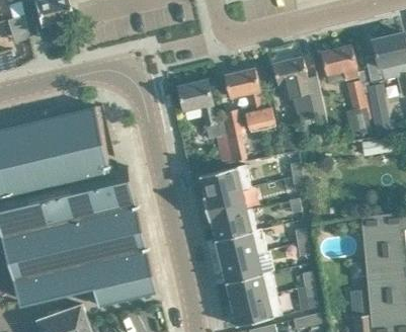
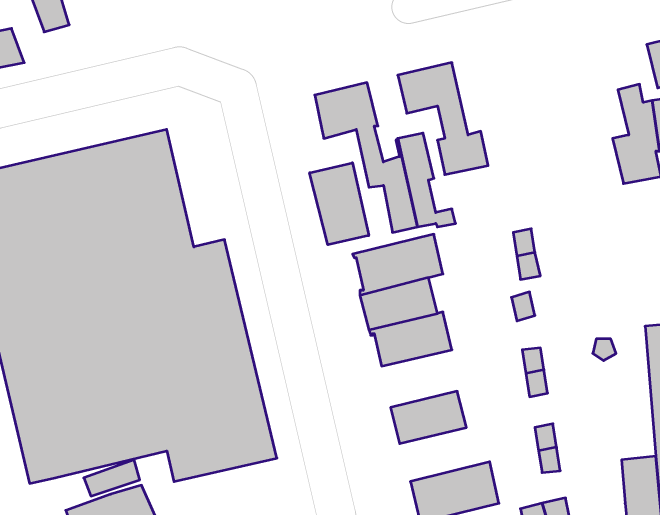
building: [320,46,357,84] -> none
building: [272,58,325,119] -> none
building: none -> [310,163,369,245]
building: [214,229,265,262] -> none
building: [225,271,275,304] -> none

